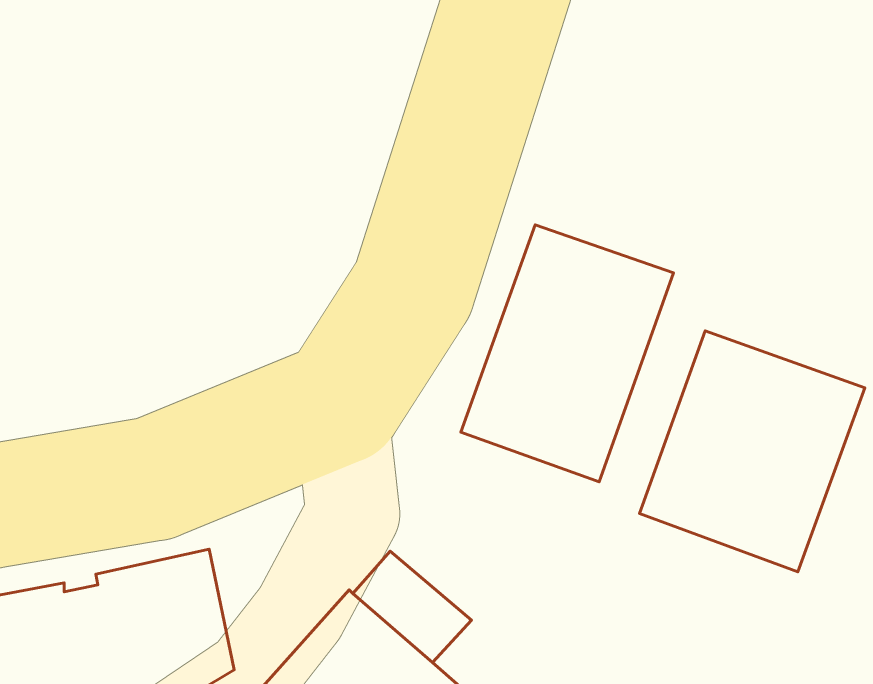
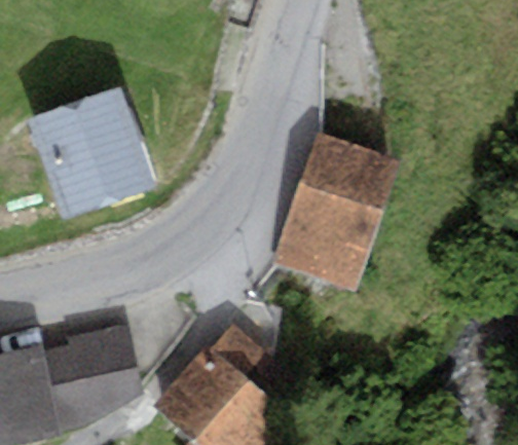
building: none -> [29,87,149,210]
building: [639,331,865,572] -> none

